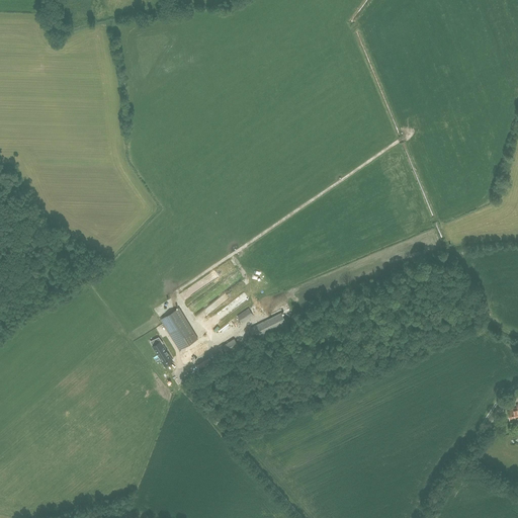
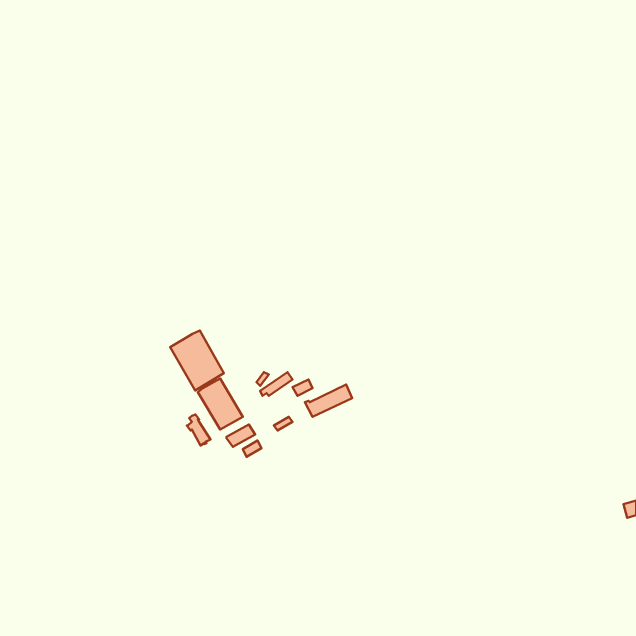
building: none -> [170,331,224,390]

